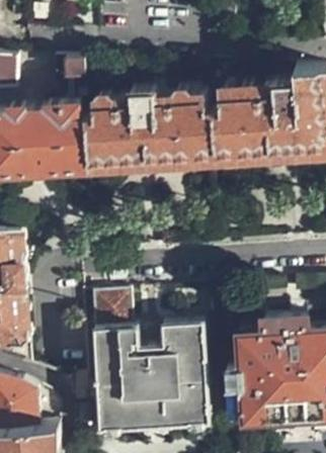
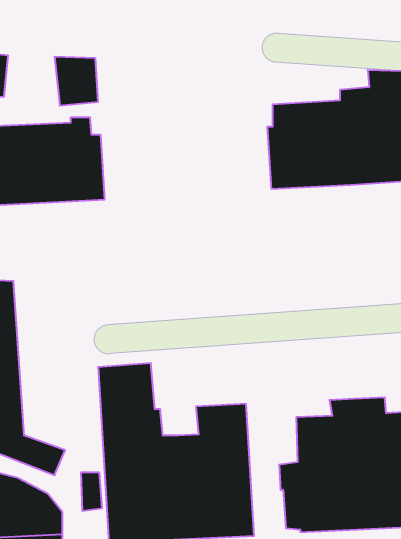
building: [89,91,220,168] -> none

